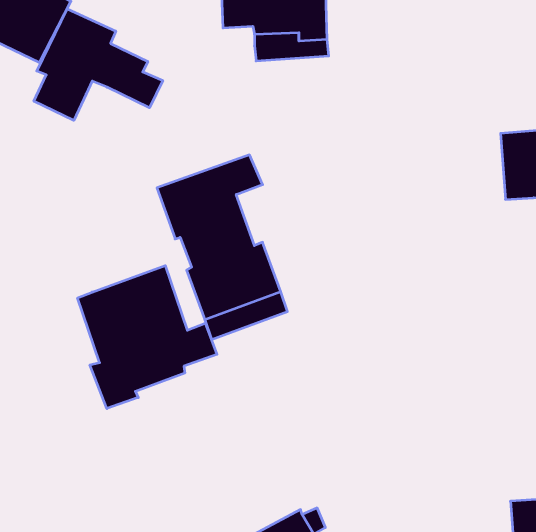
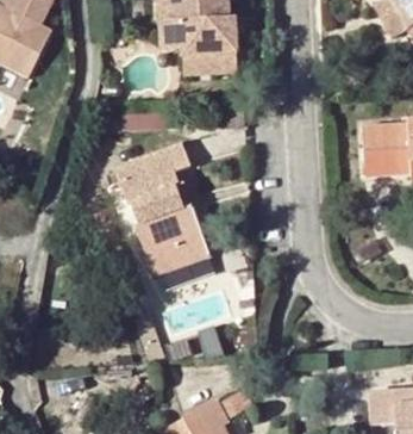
building: [34,9,163,120] -> none
building: [78,266,217,409] -> none

